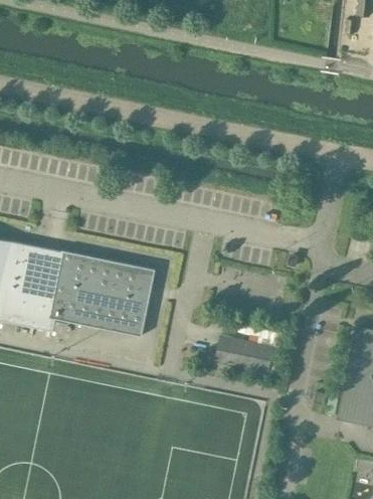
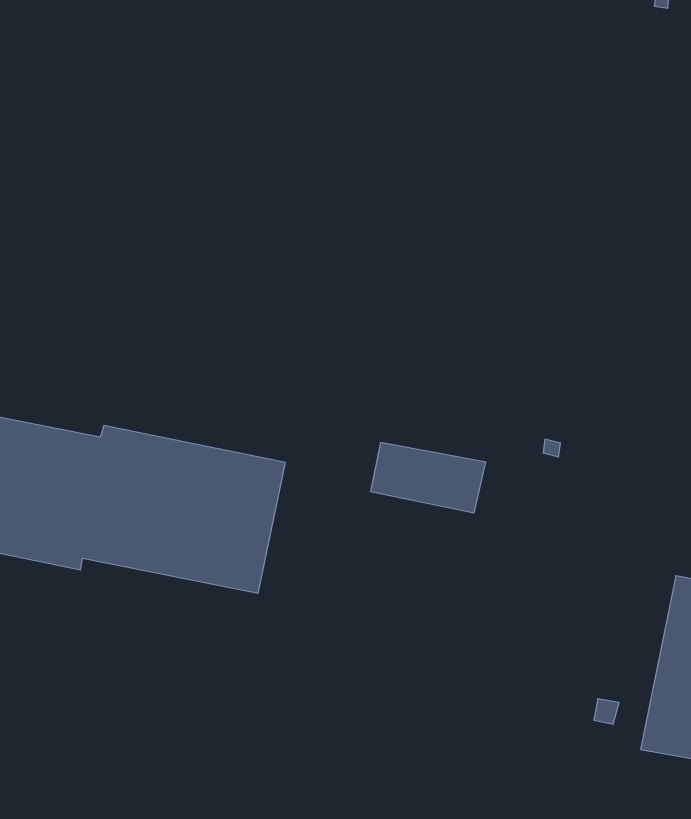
building: [213,336,272,372] -> [371,443,486,513]

